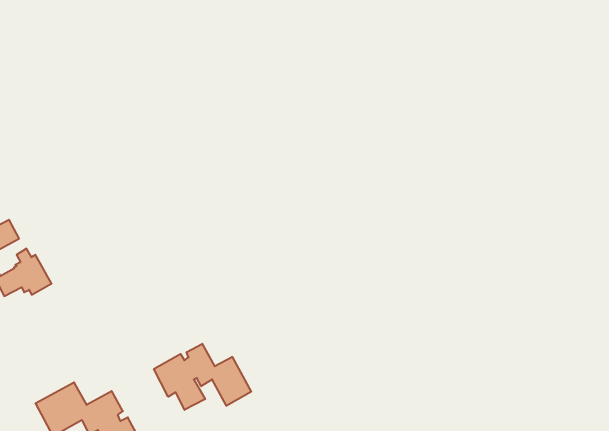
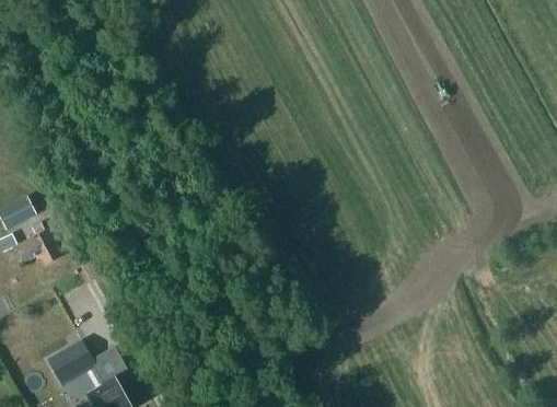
building: [154,344,251,410] -> none

